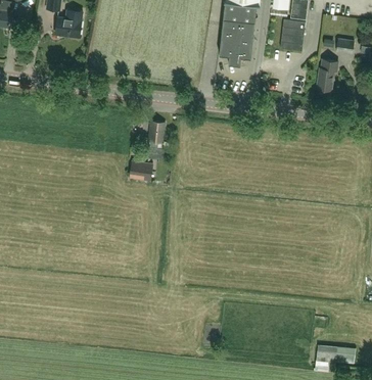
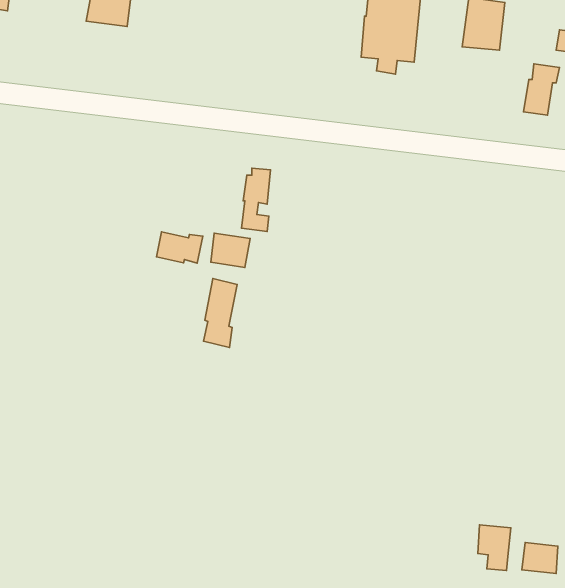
building: none -> [156,232,203,263]
building: none -> [203,279,237,348]
building: none -> [478,525,511,571]

